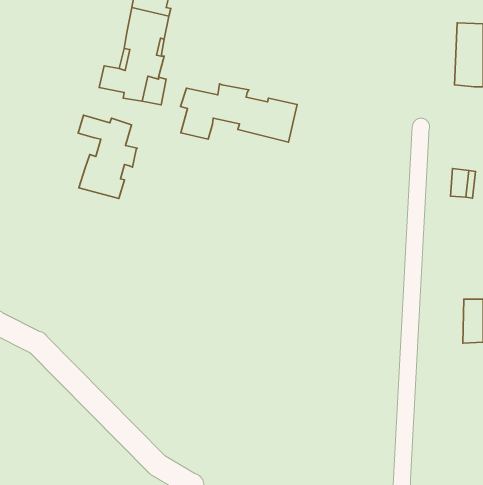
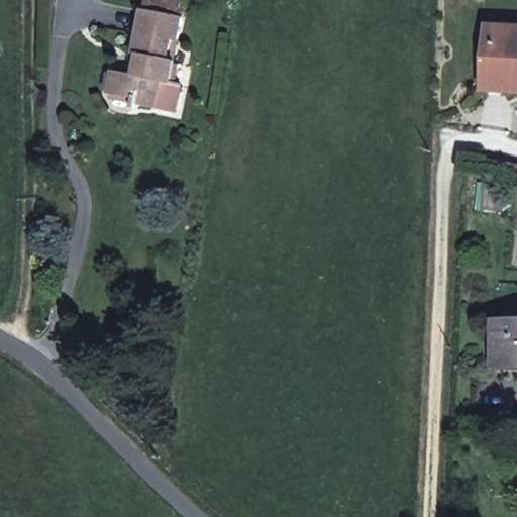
building: [180,84,297,142] -> none
building: [78,115,137,199] -> none

